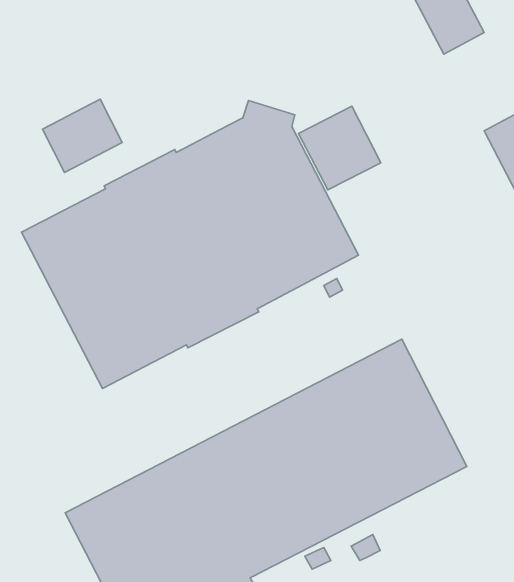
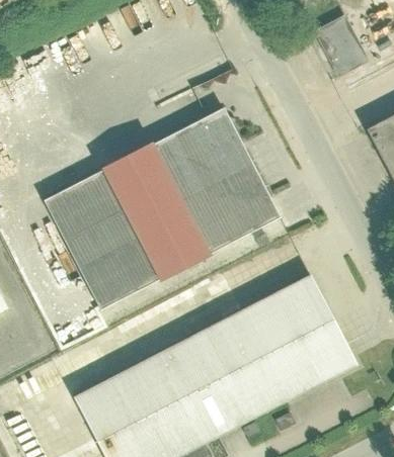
building: [43,99,122,173] -> none
building: [299,106,381,190] -> none

